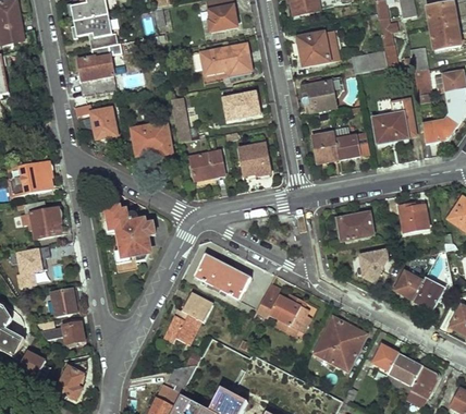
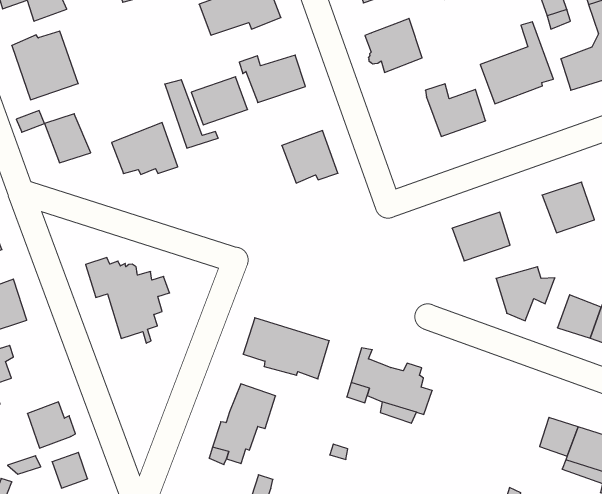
building: [312,132,340,162] -> none
building: [191,150,224,178] -> [191,77,248,125]
building: [312,315,364,369] -> none

